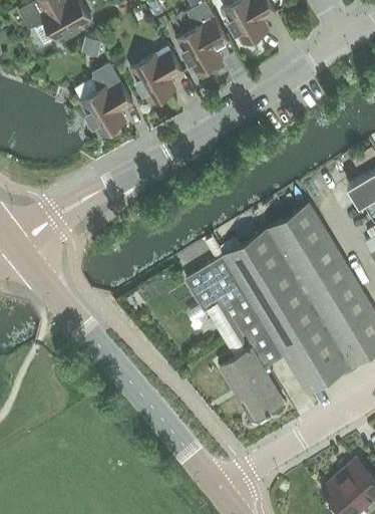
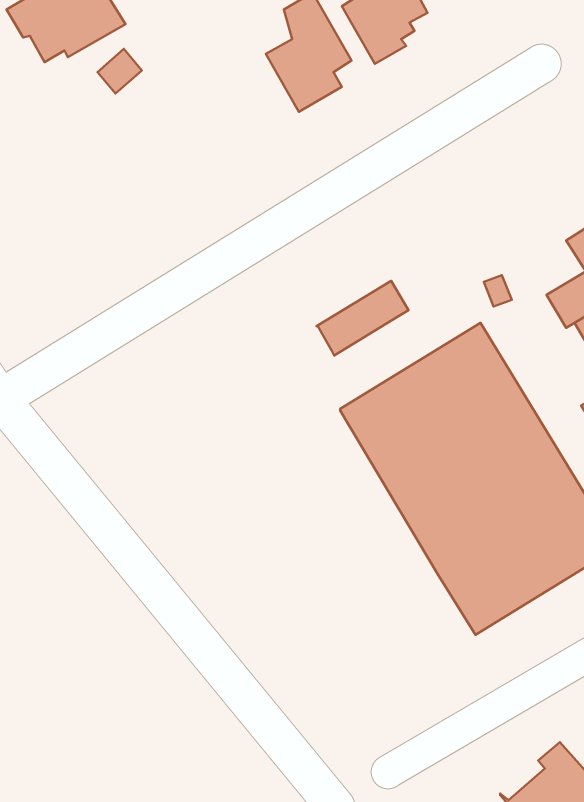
building: [131,49,184,105] -> none
building: [82,64,134,138] -> none
building: none -> [317,281,409,355]
building: [185,257,283,419] -> none

